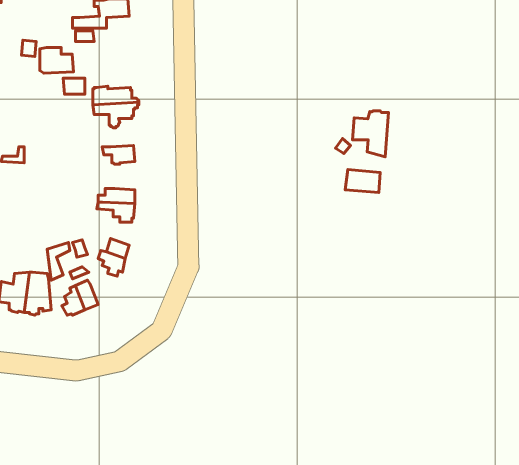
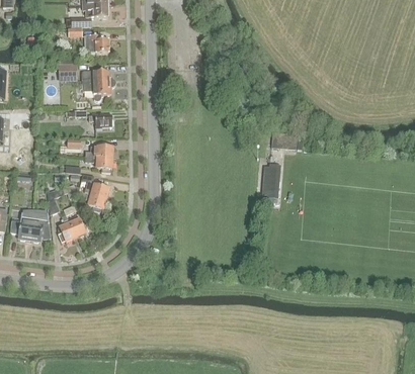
building: [40,48,73,73] -> [84,33,109,53]
building: [353,111,389,157] -> none
building: none -> [262,163,280,197]

